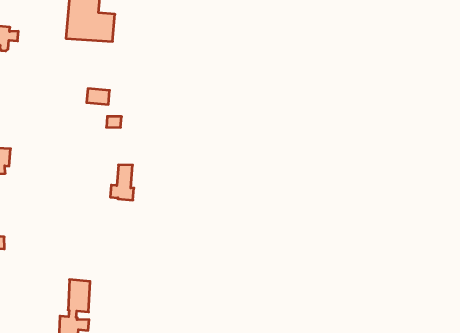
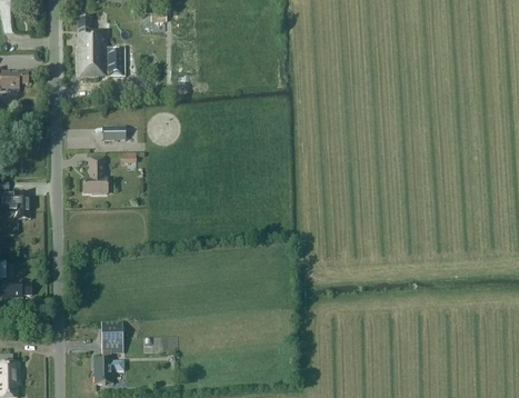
building: [110,165,134,200] -> [83,159,107,195]

